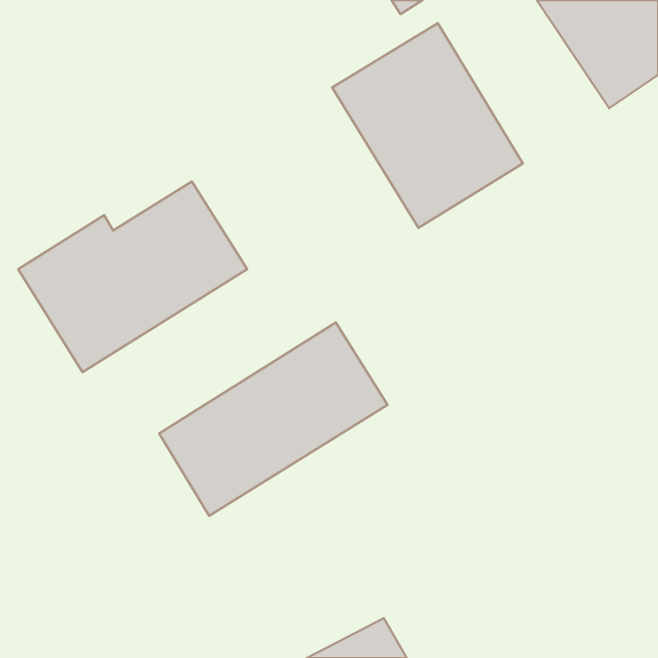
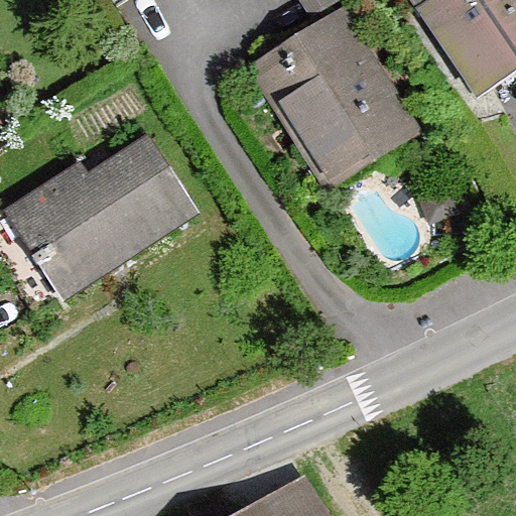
building: [159,323,387,516] -> none

